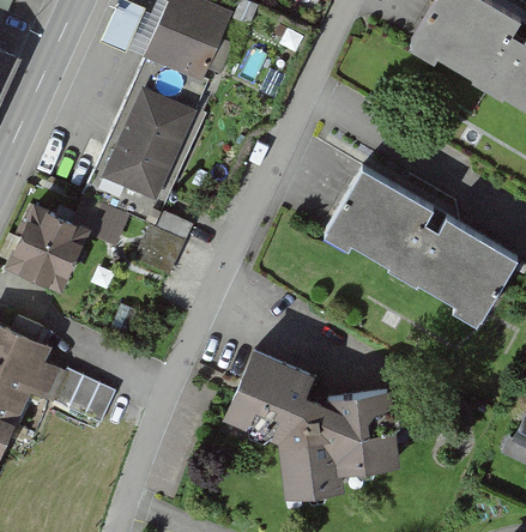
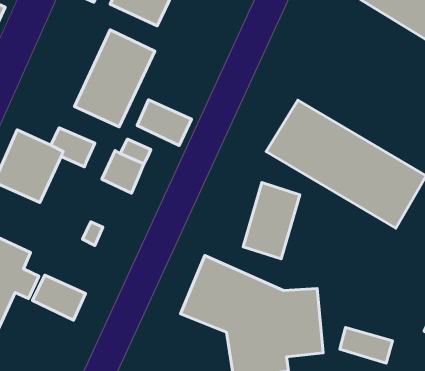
building: none -> [137,100,192,146]
building: none -> [243,183,300,259]
building: none -> [340,328,393,363]

